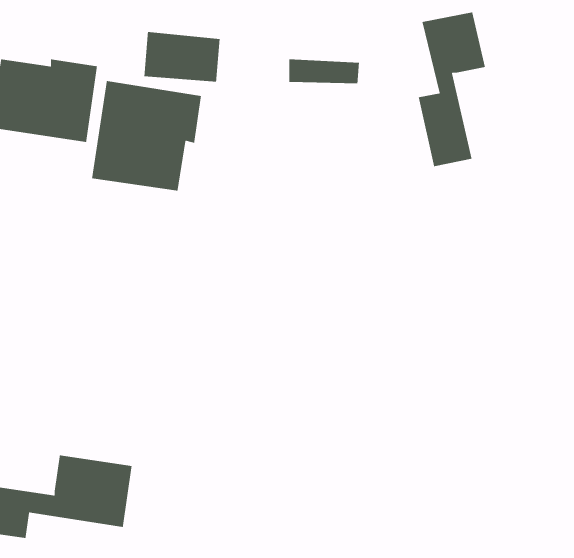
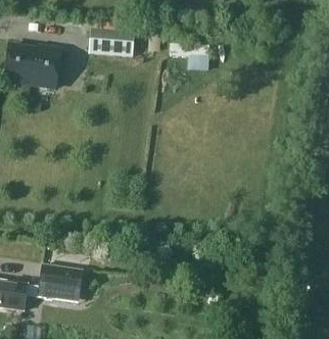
building: [418,12,486,167] -> none
building: [91,80,202,192] -> none

